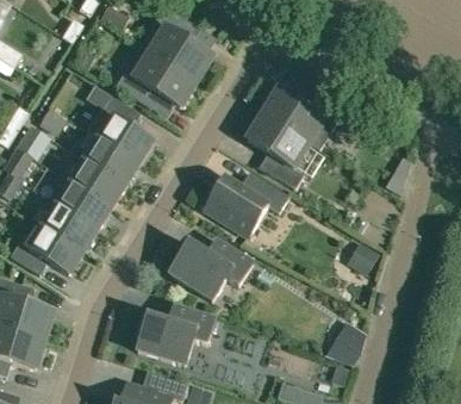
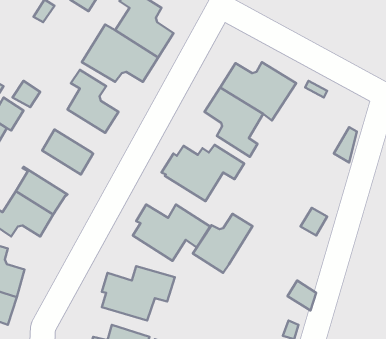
building: [85,137,139,184] -> none
building: [51,173,113,229] -> none
building: none -> [193,214,252,273]

